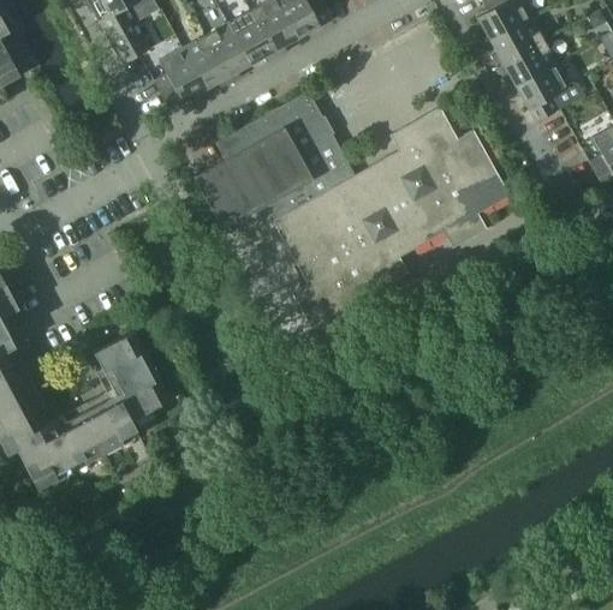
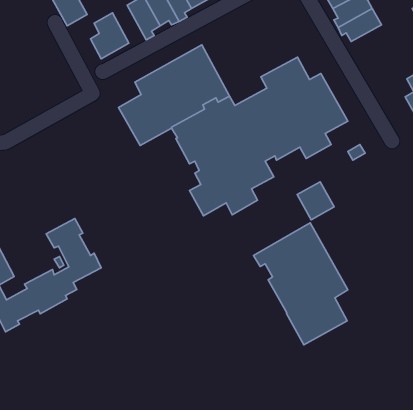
building: [184,35,231,88] -> none
building: [514,62,583,122] -> none
building: none -> [297,182,334,220]
building: none -> [254,223,348,345]

